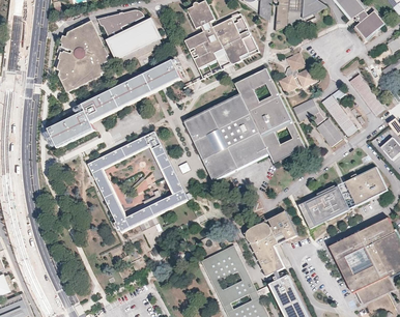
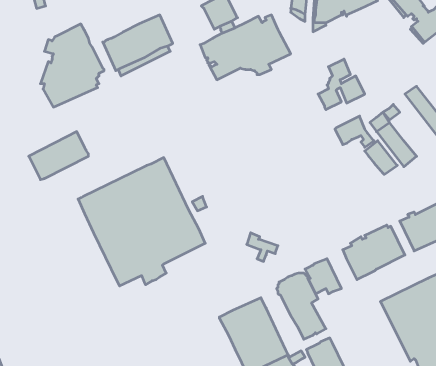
building: [96,9,143,38] -> none
building: [83,59,181,122] -> none
building: [183,67,306,179] -> none

